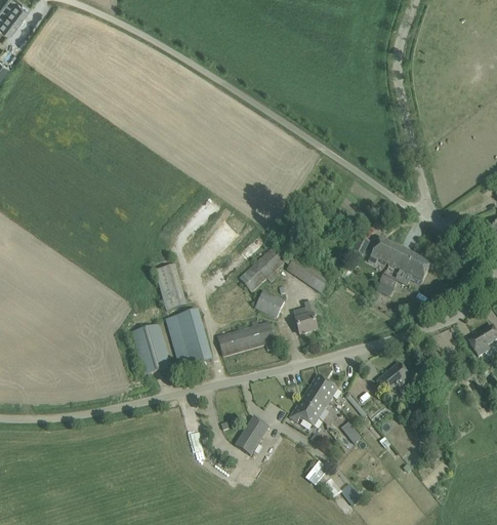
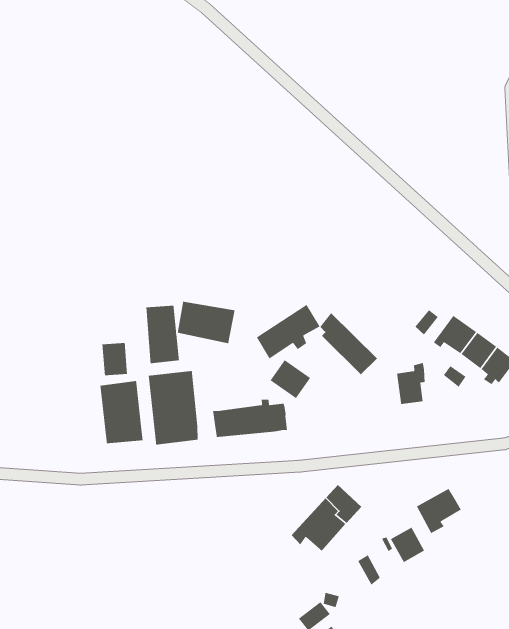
building: none -> [177,301,236,344]
building: none -> [102,342,128,376]
building: [292,299,316,333] -> [396,362,426,405]
building: none -> [390,526,425,563]
building: [235,415,268,454] -> none

